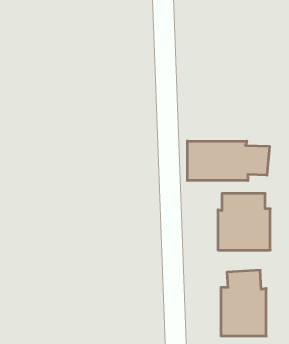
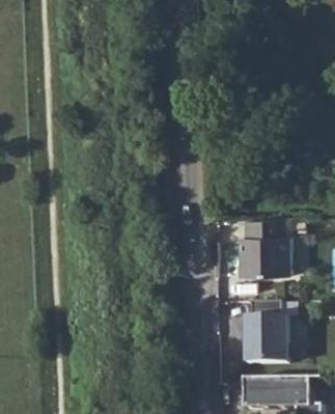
building: [187,141,269,181] -> none

